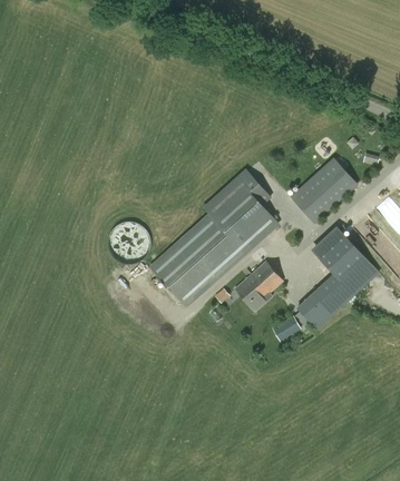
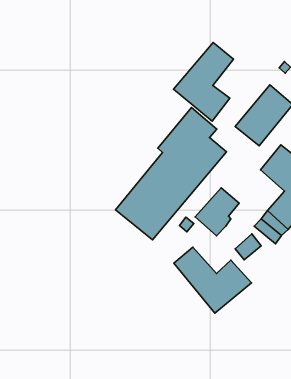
building: none -> [174,42,233,121]
building: none -> [174,247,251,313]

